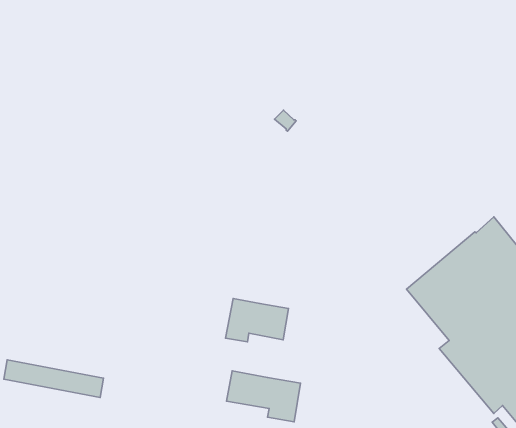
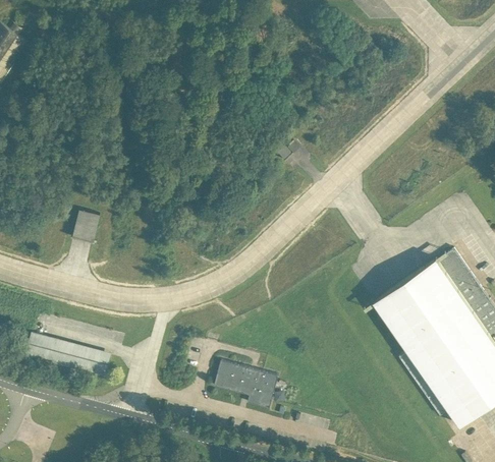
building: none -> [70,210,100,243]
building: [226,299,289,342] -> none

